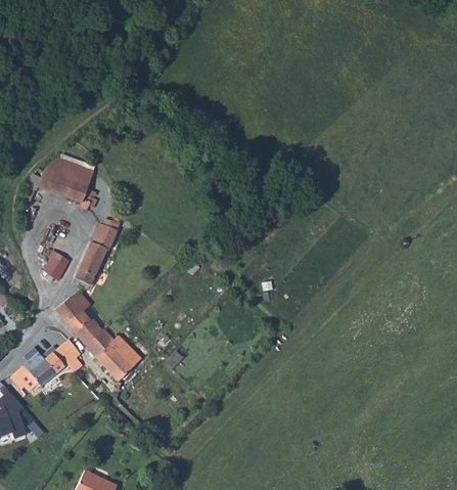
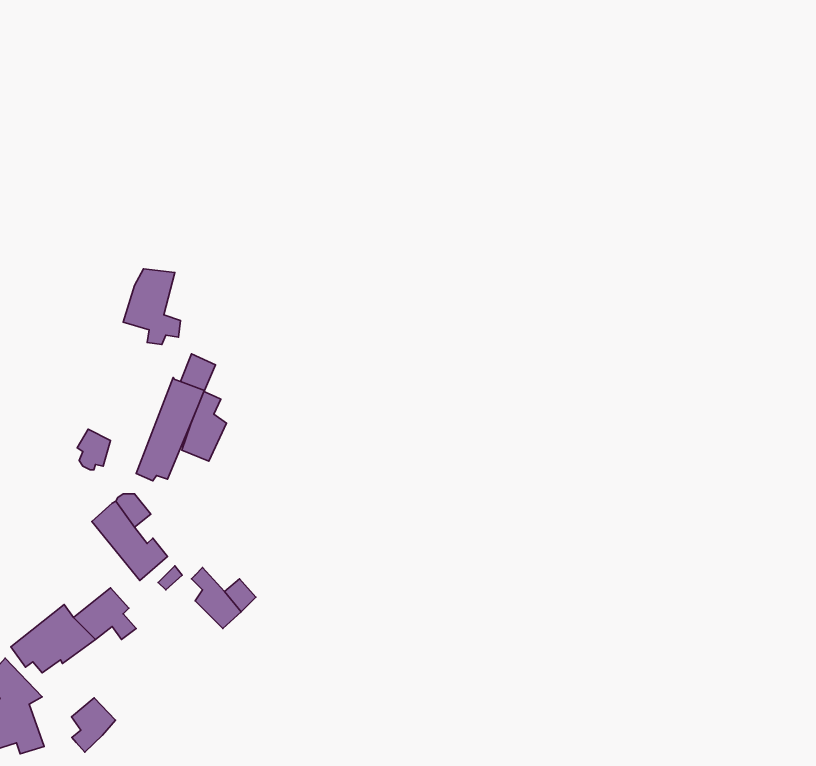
building: [32,162,83,196] -> none
building: none -> [182,392,227,461]
building: [93,339,129,380] -> none
building: none -> [71,698,116,752]

